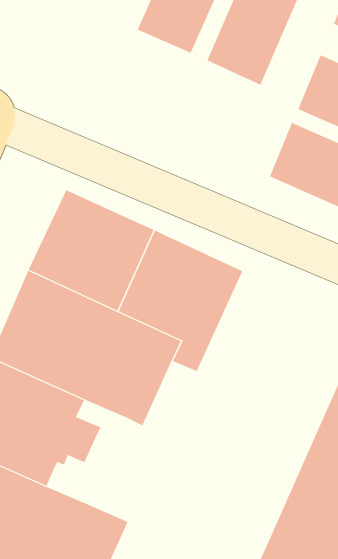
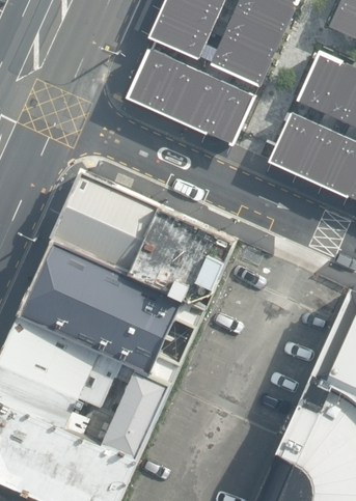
building: none -> [117,45,248,146]
building: none -> [106,369,176,461]

